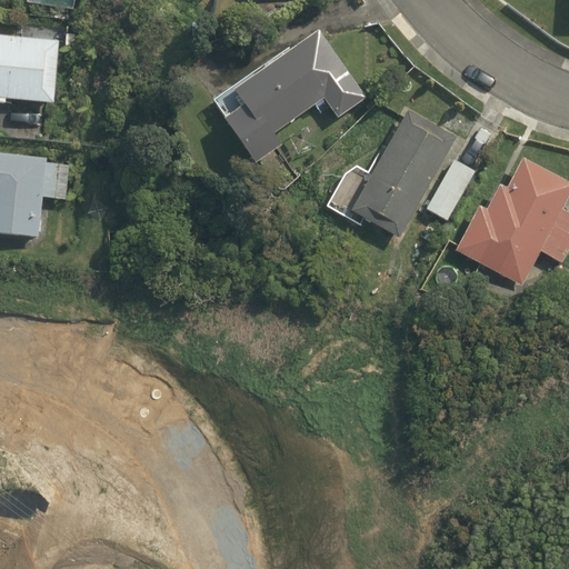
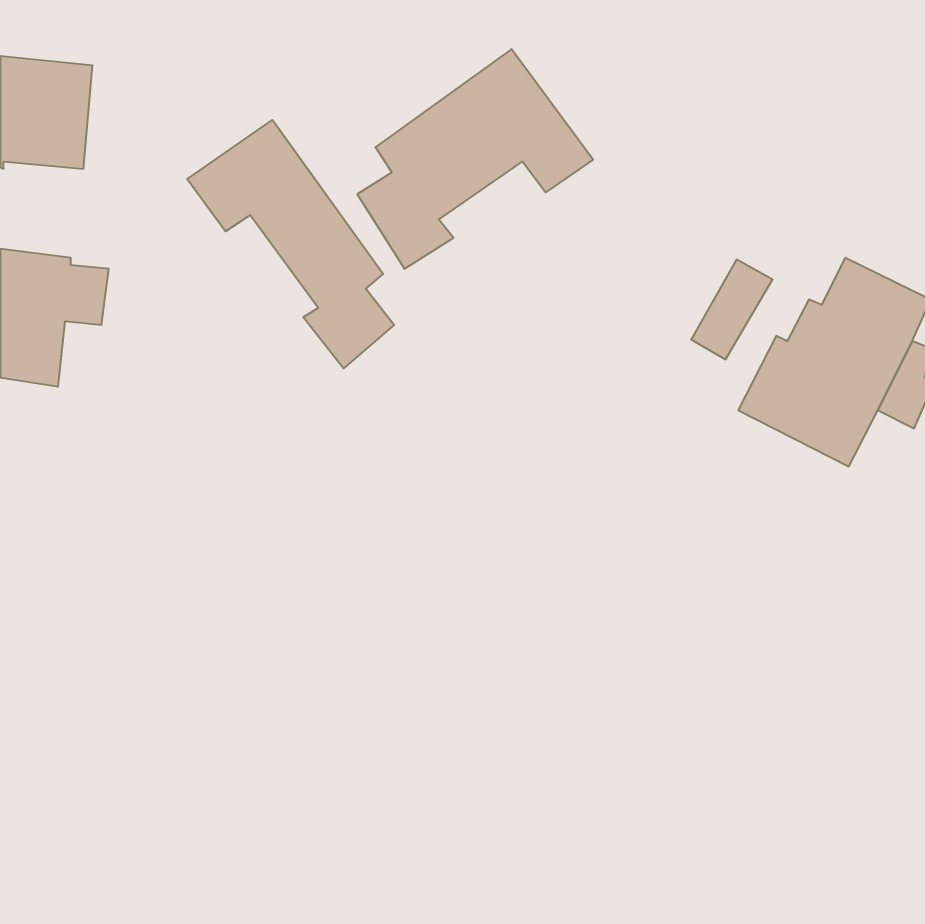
building: none -> [187,120,394,368]
building: [348,109,455,238] -> none

